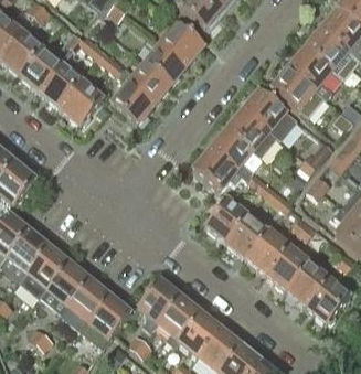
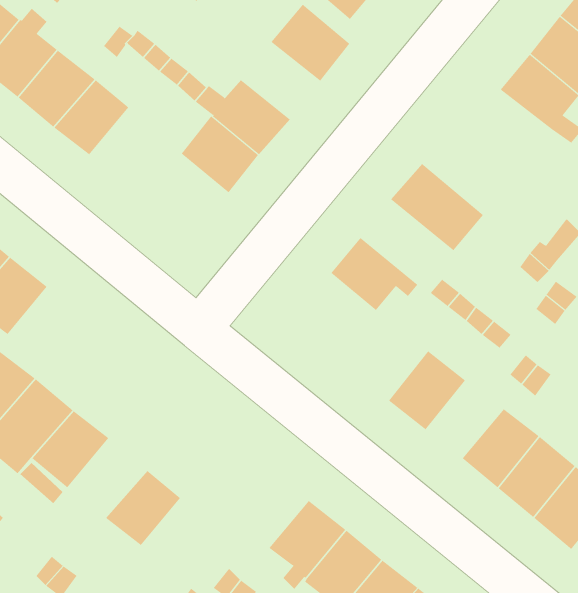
building: [144,42,188,85] -> none
building: [270,68,316,111] -> none
building: [60,78,104,124] -> none
building: [244,88,297,139] -> none
building: [210,129,263,179] -> none
building: [204,196,247,241] -> none
building: [246,229,289,273] -> none
building: [47,261,92,313] -> none
building: [137,278,181,332] -> none
building: [88,295,131,339] -> none

